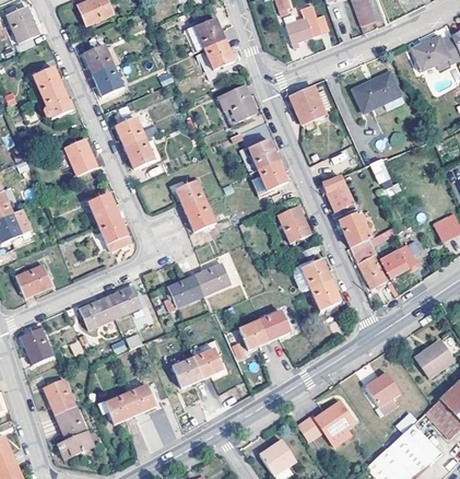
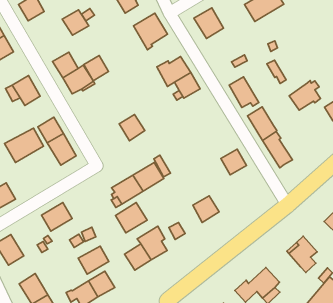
building: [93,66,123,95] -> [62,10,89,35]
building: [177,182,205,211] -> [84,55,109,81]
building: none -> [5,128,44,162]
building: [279,207,310,243] -> none
building: [378,242,415,276] -> [289,81,321,110]
building: [310,280,341,309] -> none
building: [107,285,142,317] -> none
building: none -> [116,202,147,233]
building: [239,319,270,350] -> none
building: none -> [78,246,109,274]

